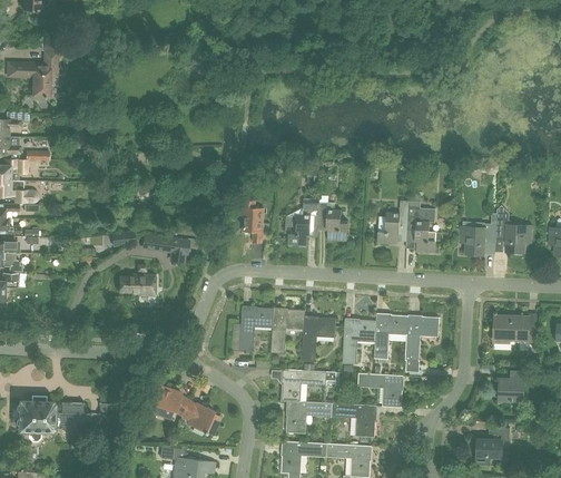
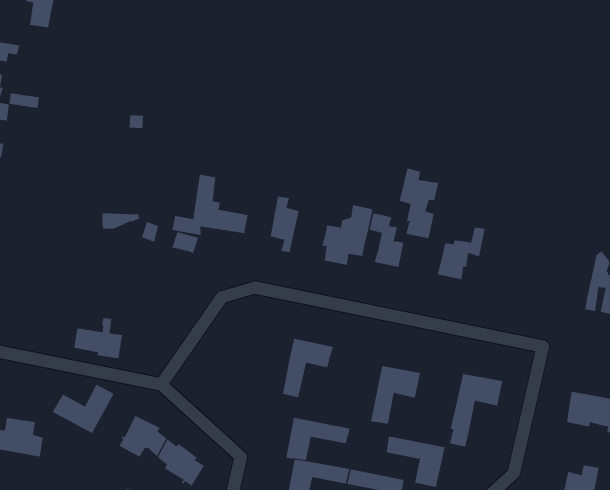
building: none -> [172,174,248,236]
building: [406,201,435,253] -> [399,168,439,239]
building: [460,212,496,254] -> none
building: [118,264,155,294] -> [73,317,123,359]
building: [232,306,273,351] -> none
building: [374,313,407,363] -> none
building: [301,316,335,361] -> none
building: none -> [52,384,114,434]

